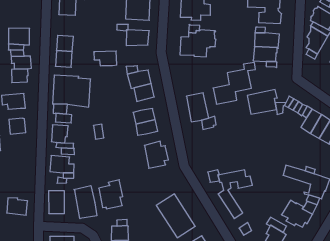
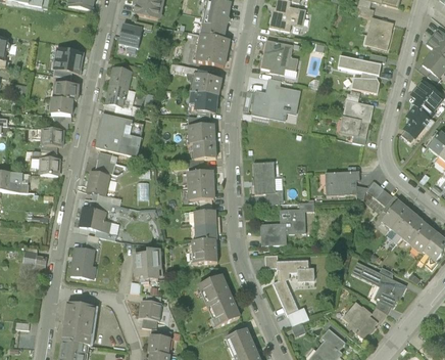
building: [94,51,117,66] -> [190,91,217,110]
building: [213,63,255,104] -> [260,201,313,243]
building: none -> [191,238,217,263]
building: [74,186,97,219] -> none

